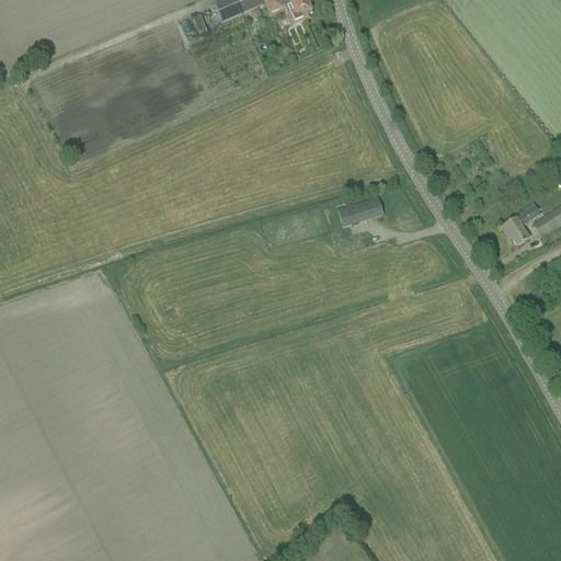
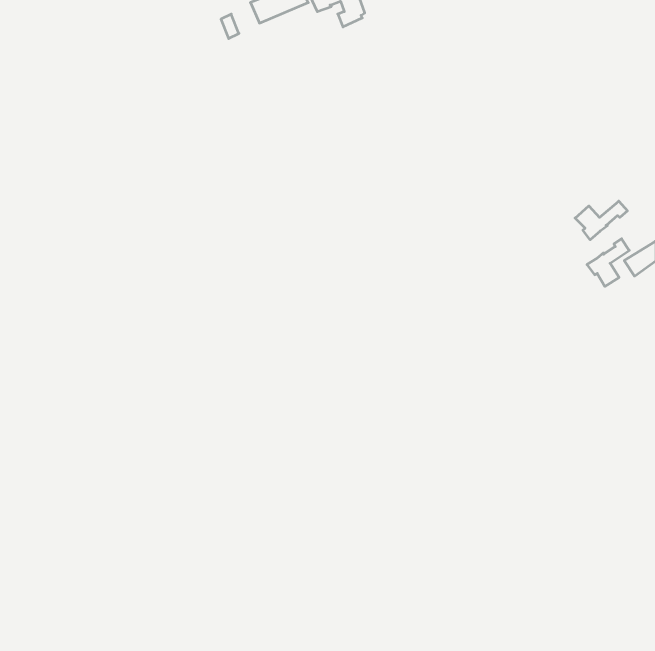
building: none -> [575,201,627,240]
building: [337,196,382,225] -> none

